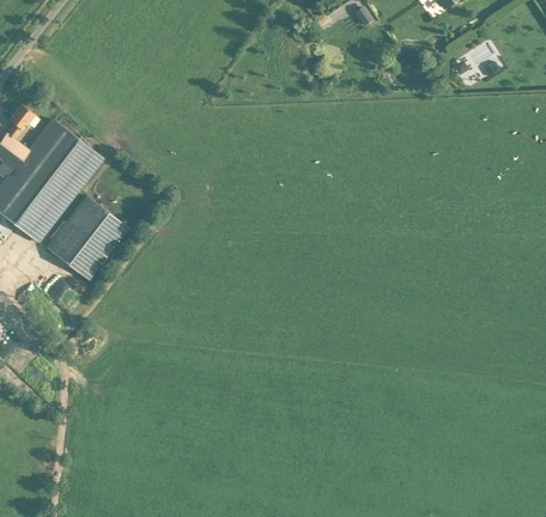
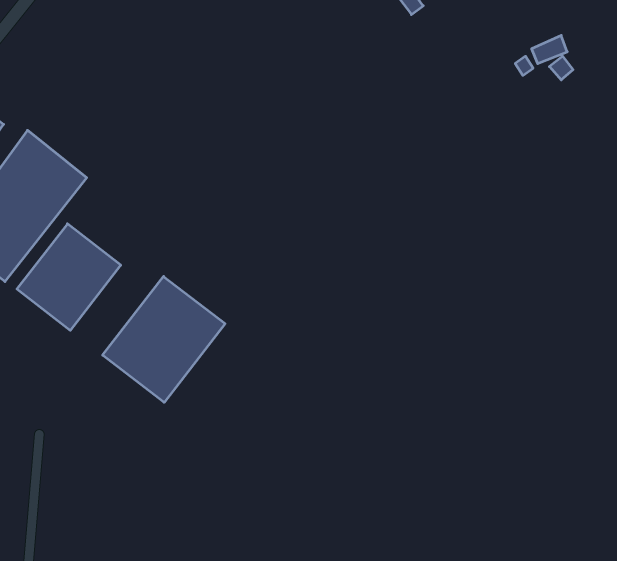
building: none -> [103,276,225,402]

